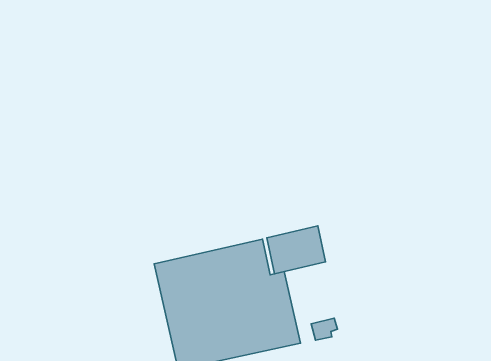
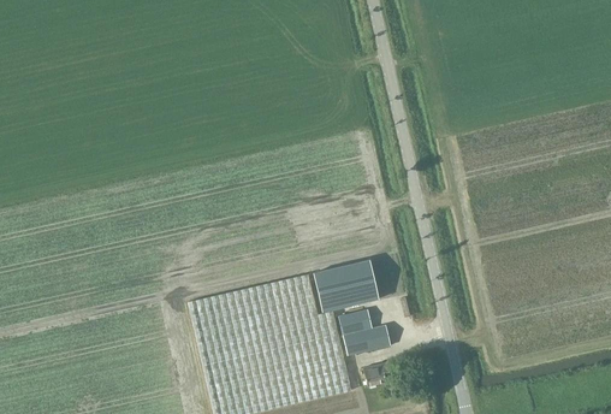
building: none -> [339,309,390,354]

